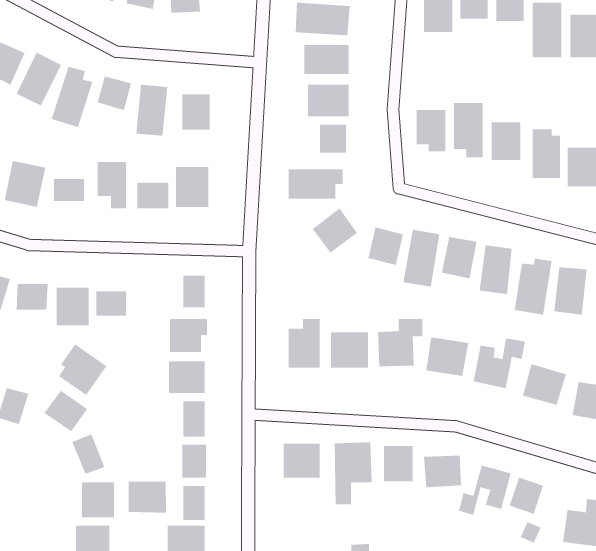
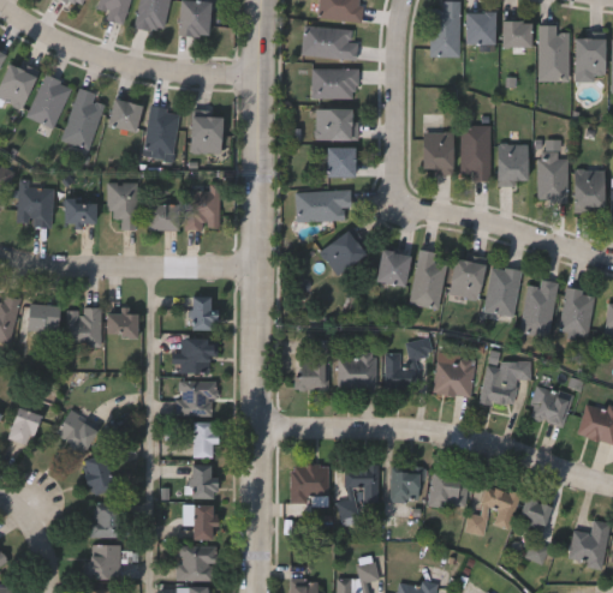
building: [58,344,107,396] -> none
building: [128,481,167,513] -> none

